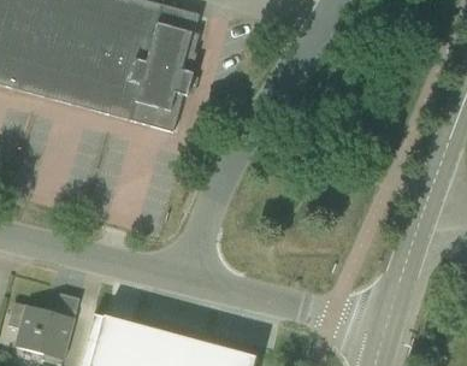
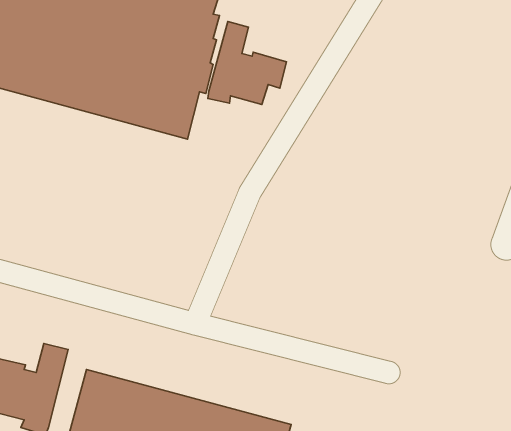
building: none -> [208,22,287,104]

